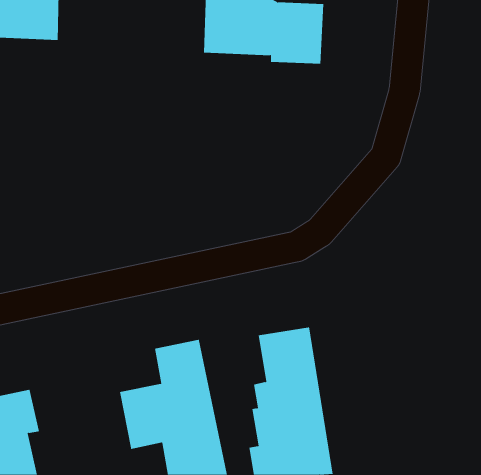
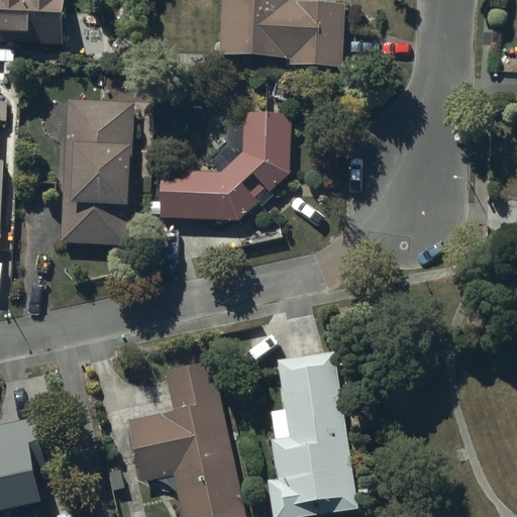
building: none -> [62,98,136,245]
building: none -> [162,114,291,220]

